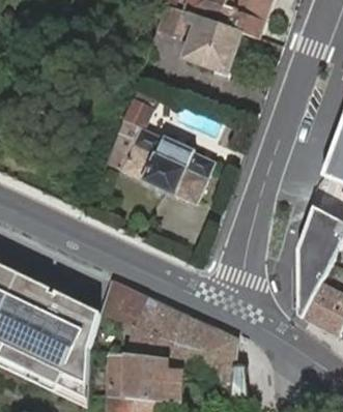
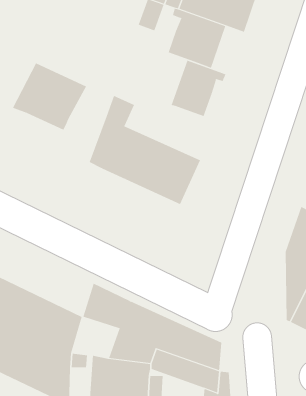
building: none -> [171,60,226,117]
building: none -> [12,63,87,130]

